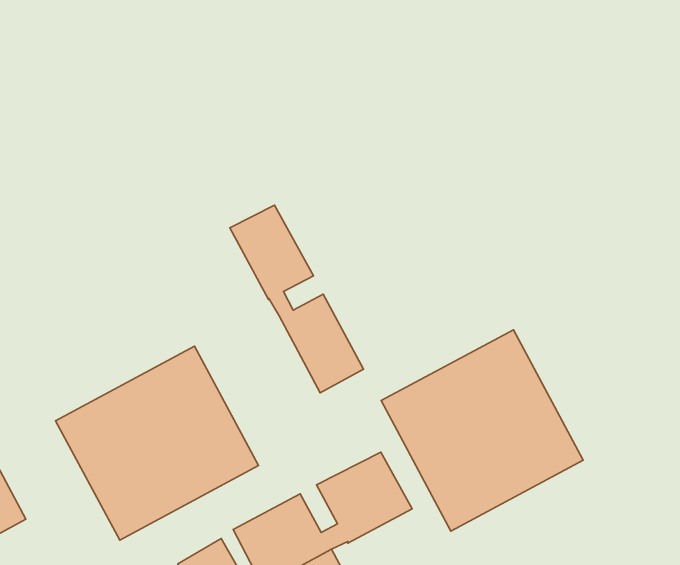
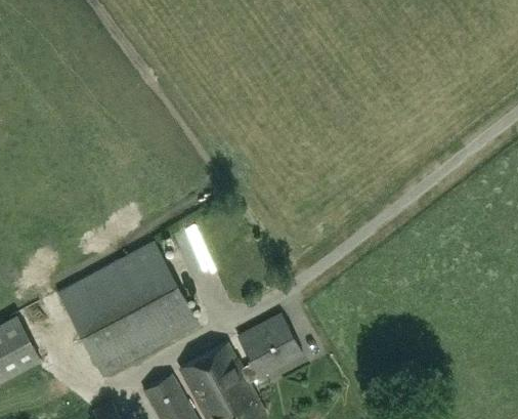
building: [230,205,364,393] -> none
building: [381,330,583,531] -> none

